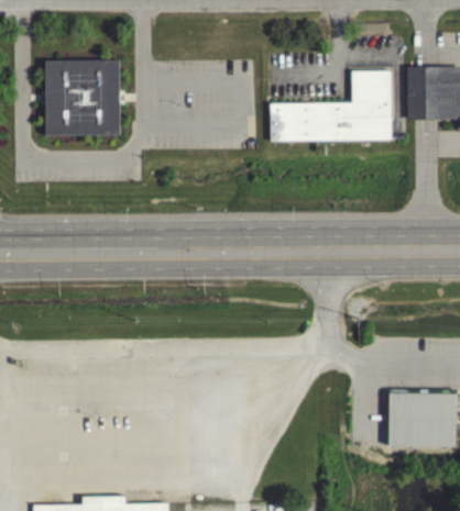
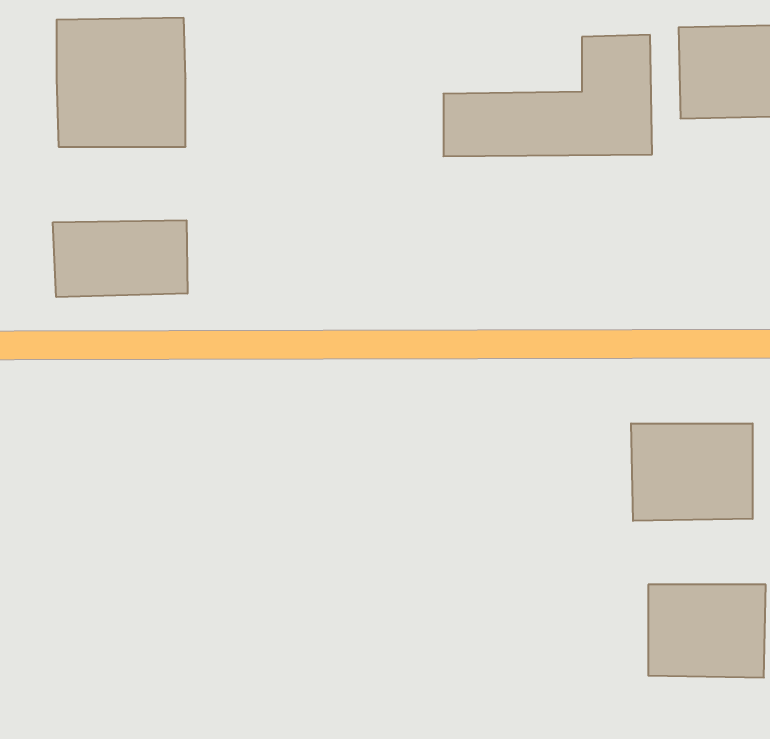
building: none -> [53,220,187,297]
building: none -> [631,423,753,521]

